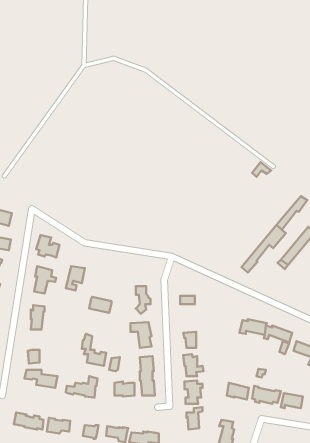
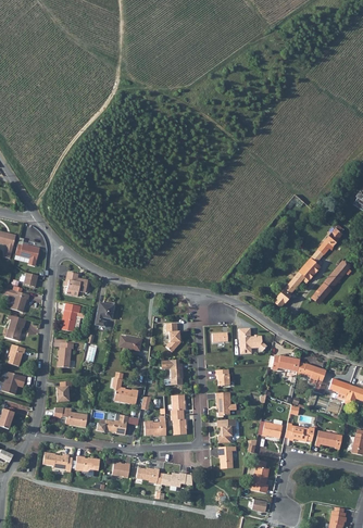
building: none -> [238,327,266,353]

